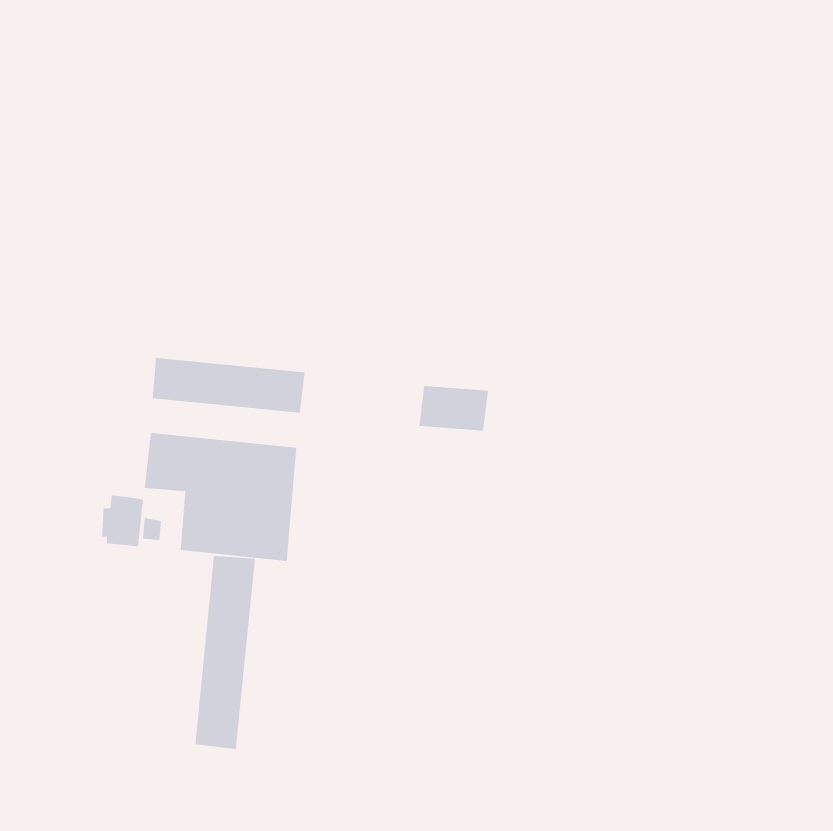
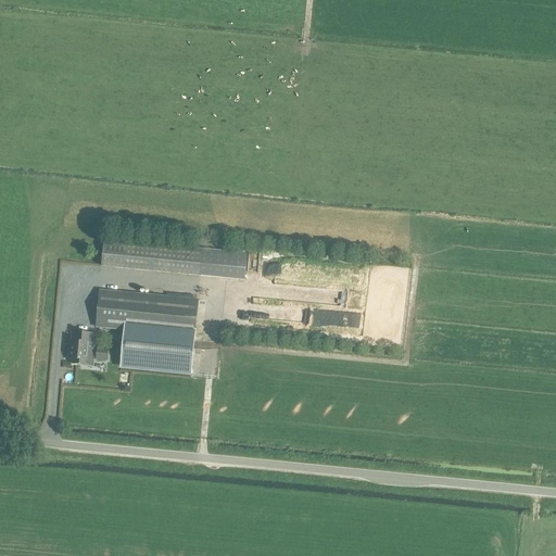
building: [419,385,489,431] -> [200,248,247,278]
building: [195,555,256,750] -> none

